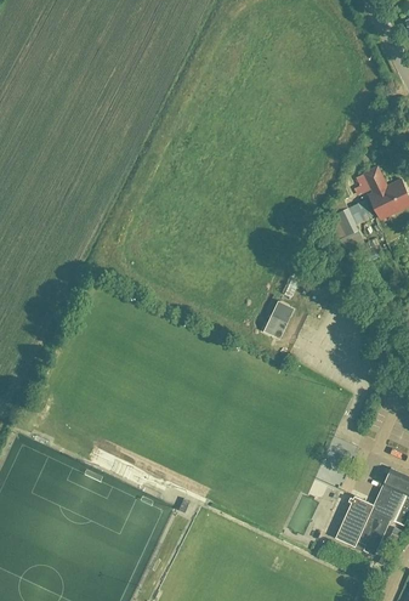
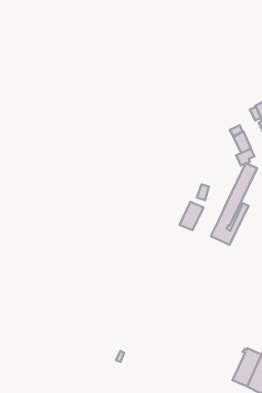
building: none -> [211,163,257,245]

